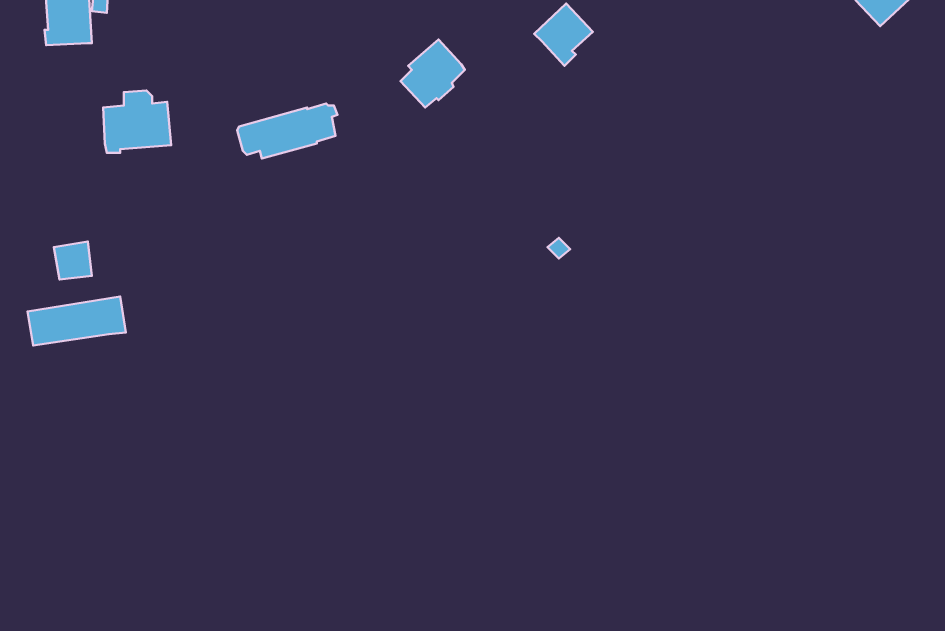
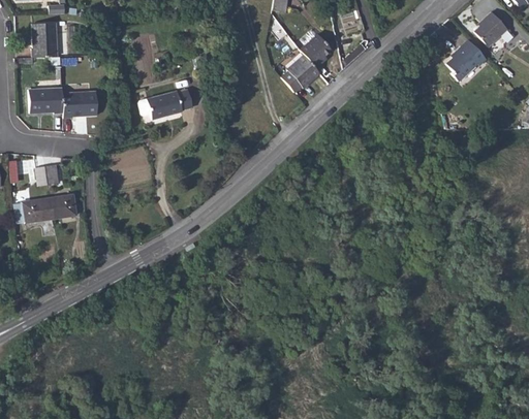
building: none -> [446,41,486,83]
building: [401,40,465,108] -> [283,56,318,93]
building: none -> [27,87,65,112]

